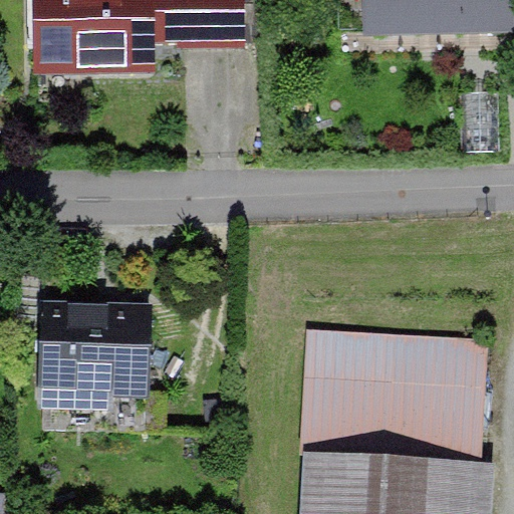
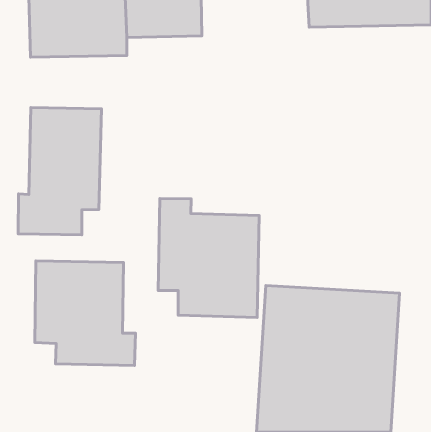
building: none -> [18,107,101,235]
building: none -> [158,198,259,318]

